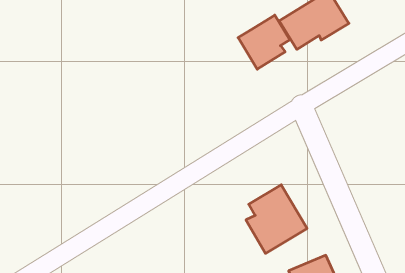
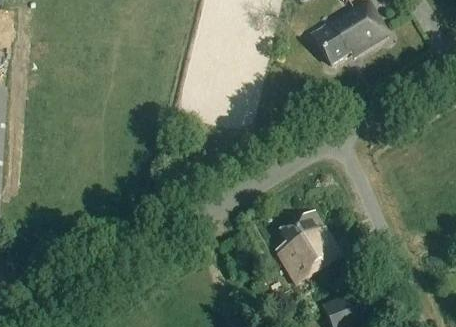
building: [238,15,290,69] -> none

